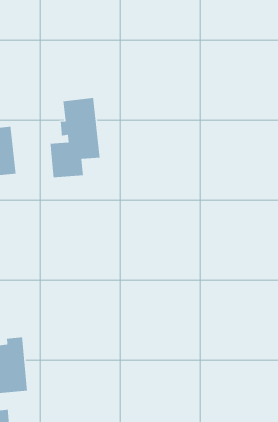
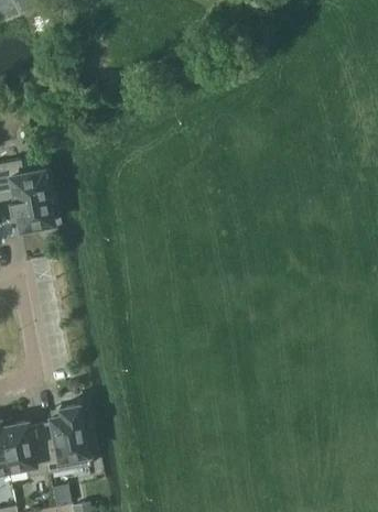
building: [49,97,101,178] -> none

